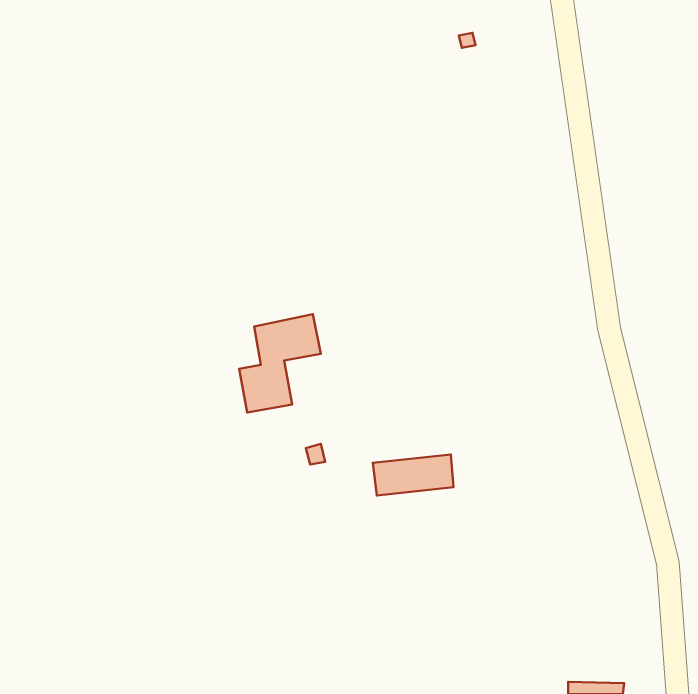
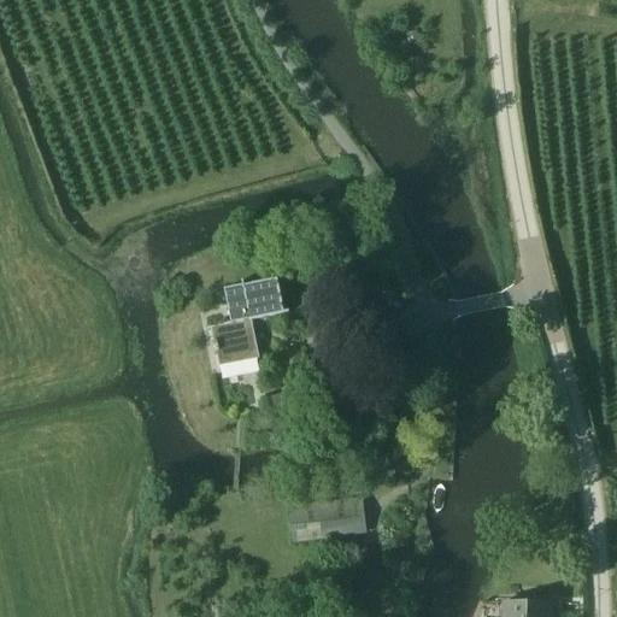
building: [373,455,453,496] -> [292,501,363,537]

